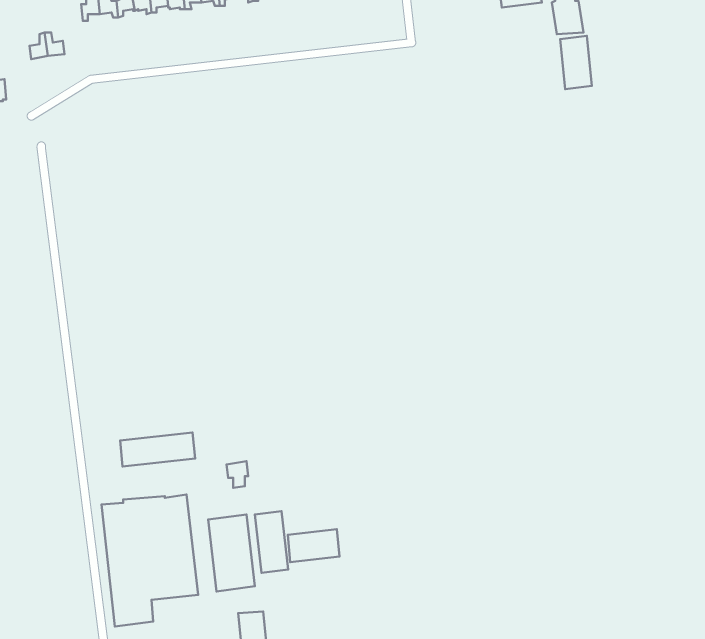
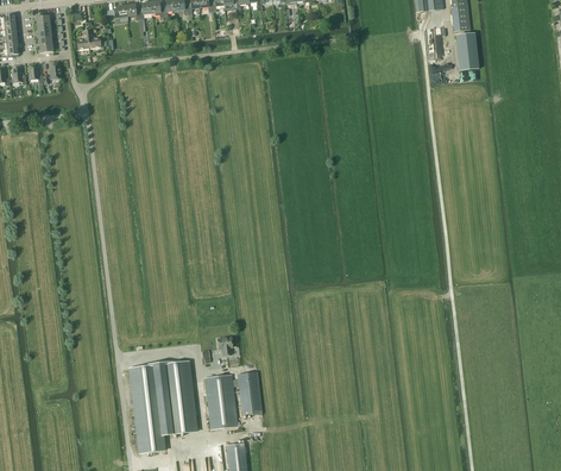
building: [120,433,195,466] -> none
building: [288,529,339,562] -> none

